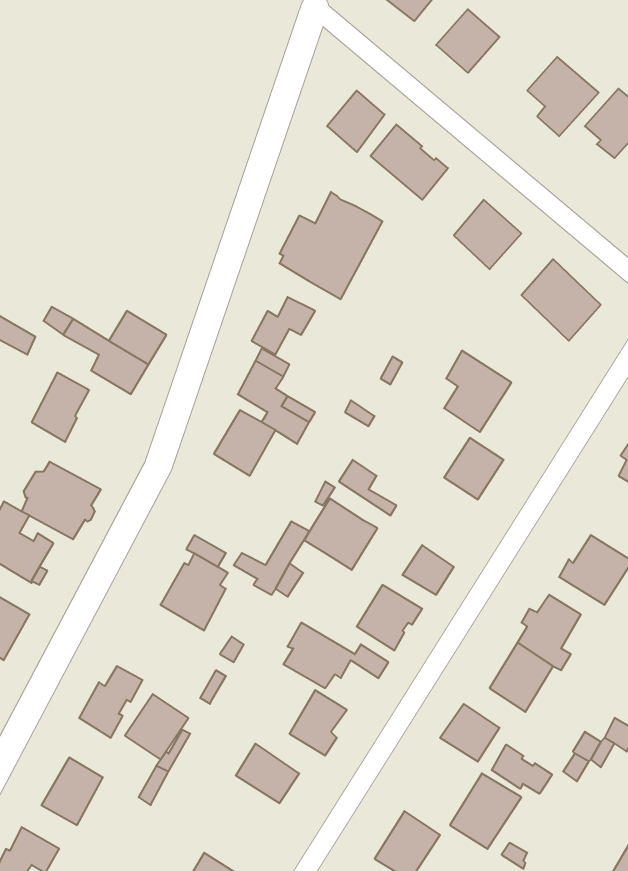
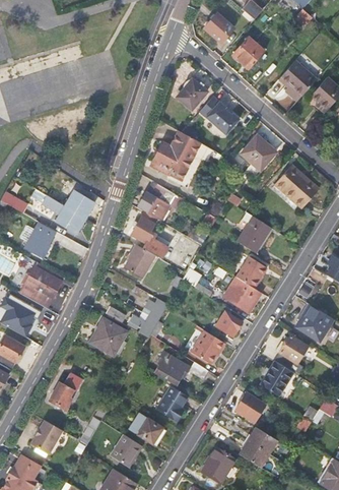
building: [304,499,377,570] -> [223,277,261,313]
building: [125,694,188,760] -> [110,434,142,468]
building: [492,745,552,794] -> none

